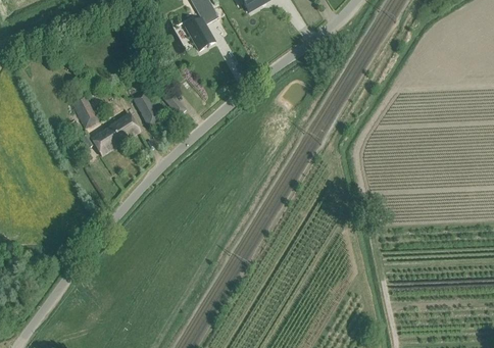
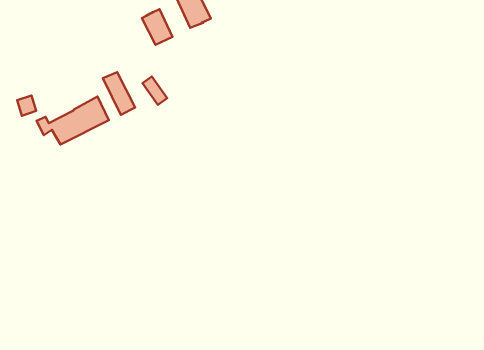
building: none -> [142,9,173,45]
building: [70,93,98,128] -> none

